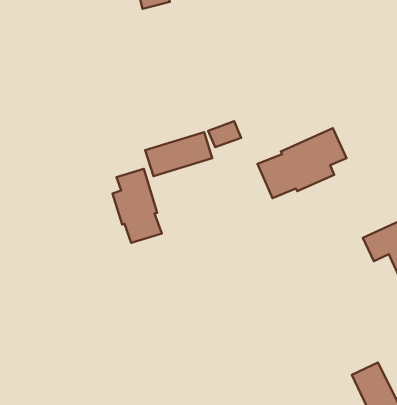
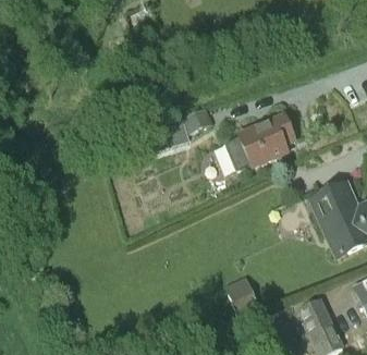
building: [113,169,162,243] -> none
building: none -> [225,277,258,314]

